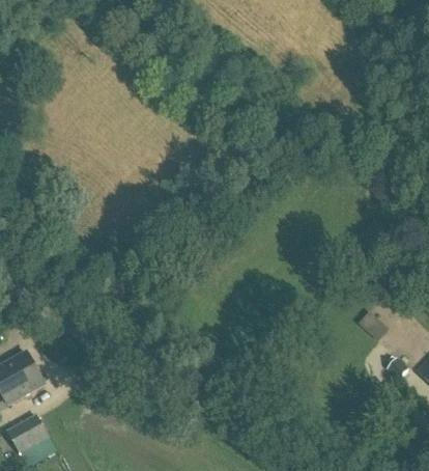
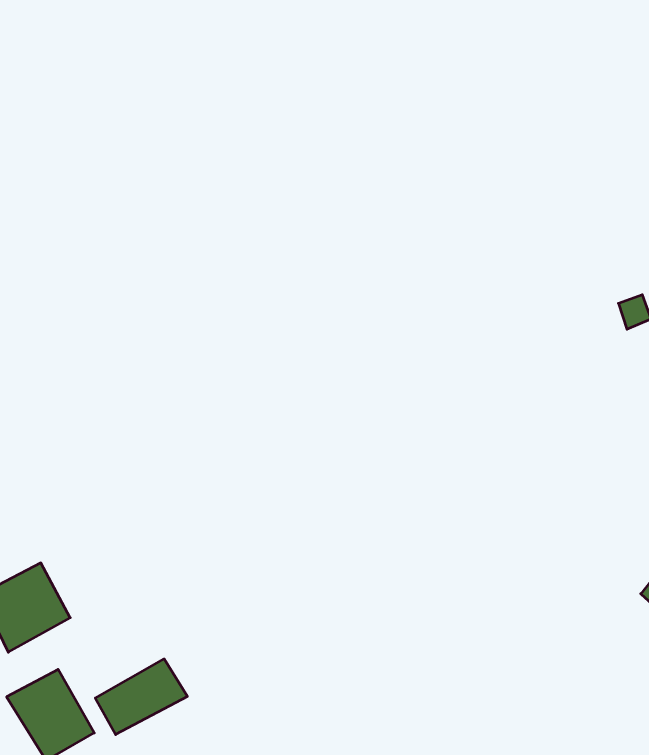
building: none -> [95,659,187,735]

